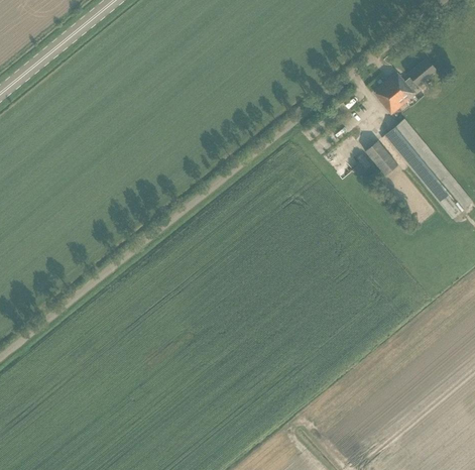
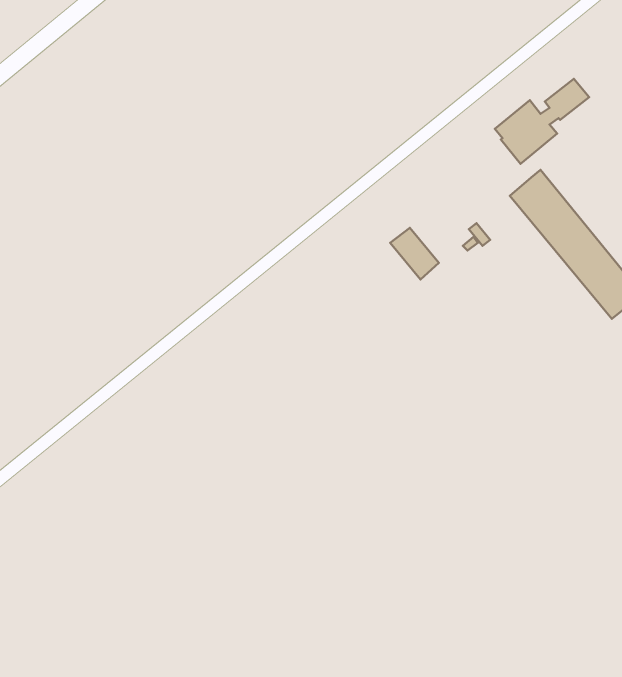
building: [365,141,397,175] -> [390,228,439,279]

